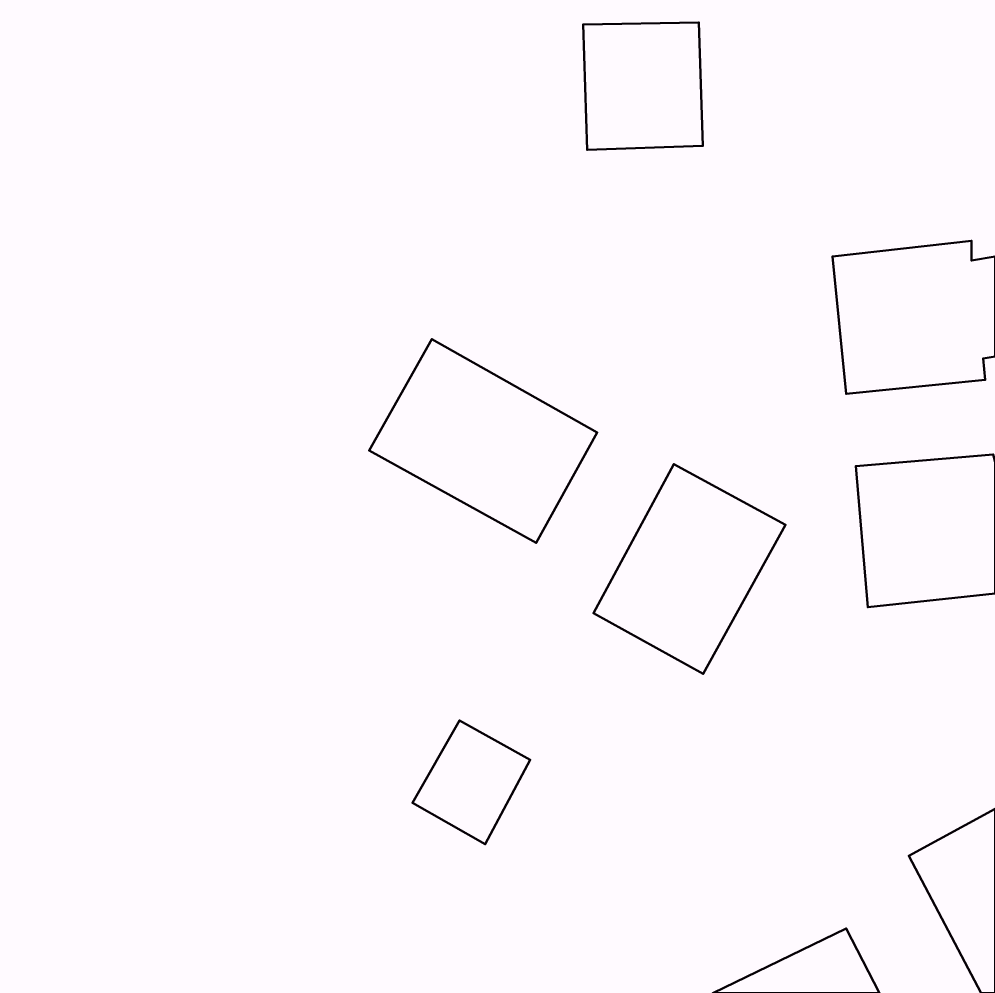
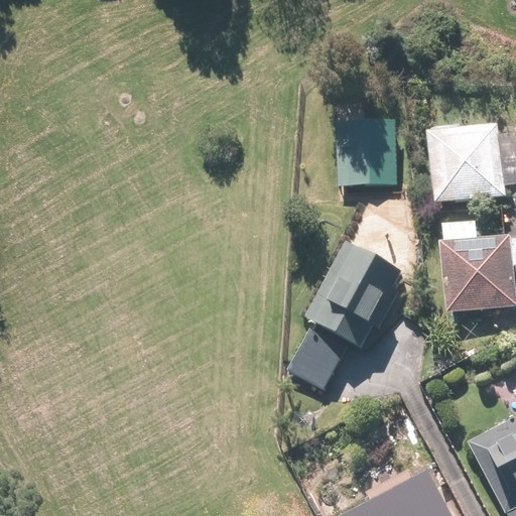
building: [583,23,703,150] -> [337,120,398,185]
building: [369,339,597,543] -> none
building: [413,721,530,844] -> [286,326,347,389]

